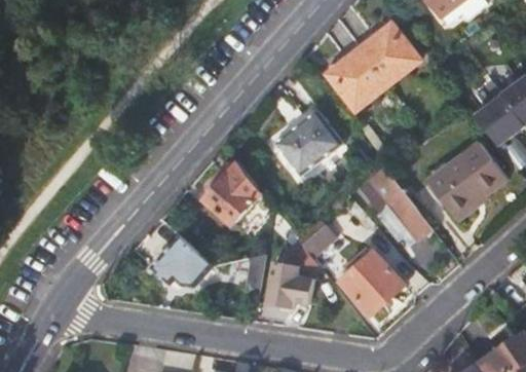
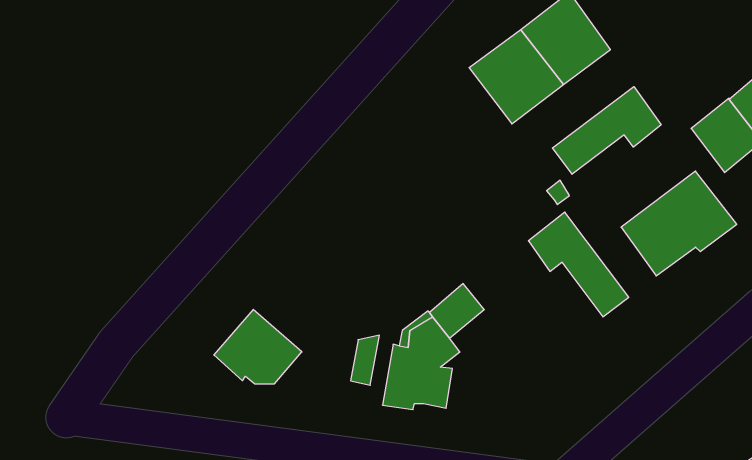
building: none -> [552,87,661,174]
building: [276,110,344,177] -> none
building: [203,161,261,225] -> none
building: [337,251,403,317] -> none

